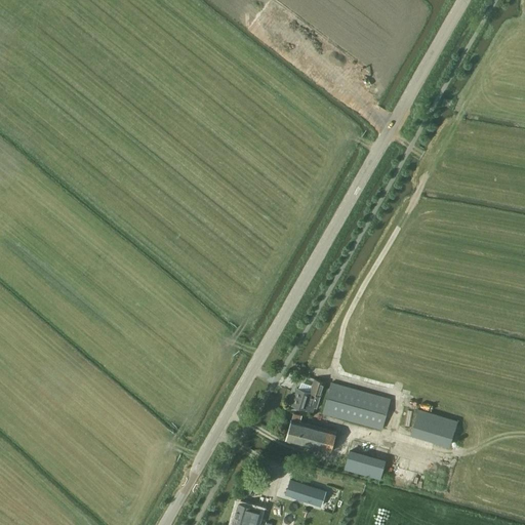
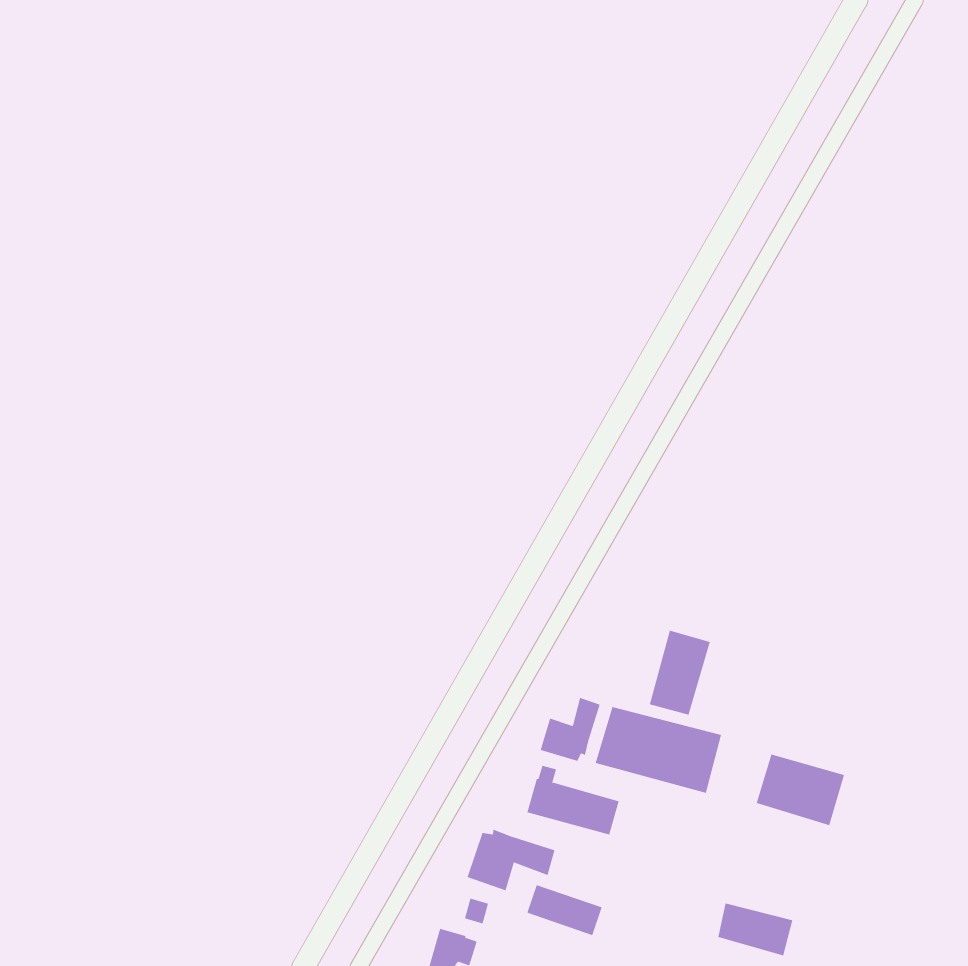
building: none -> [649,630,710,716]
building: none -> [467,829,555,891]
building: [345,451,386,480] -> [717,903,793,956]

